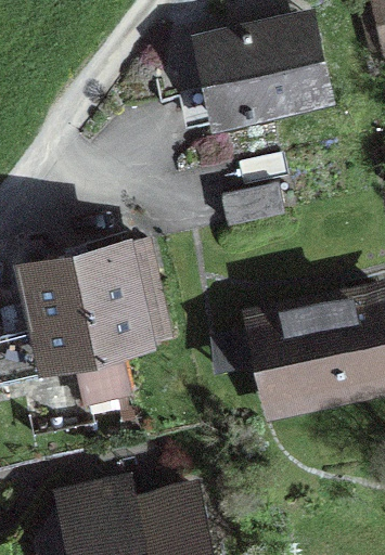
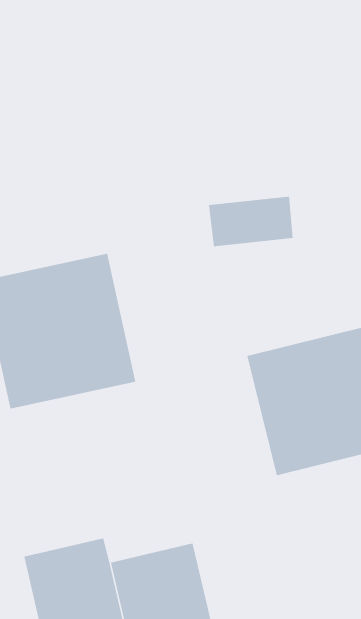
building: [190,14,333,129] -> none

